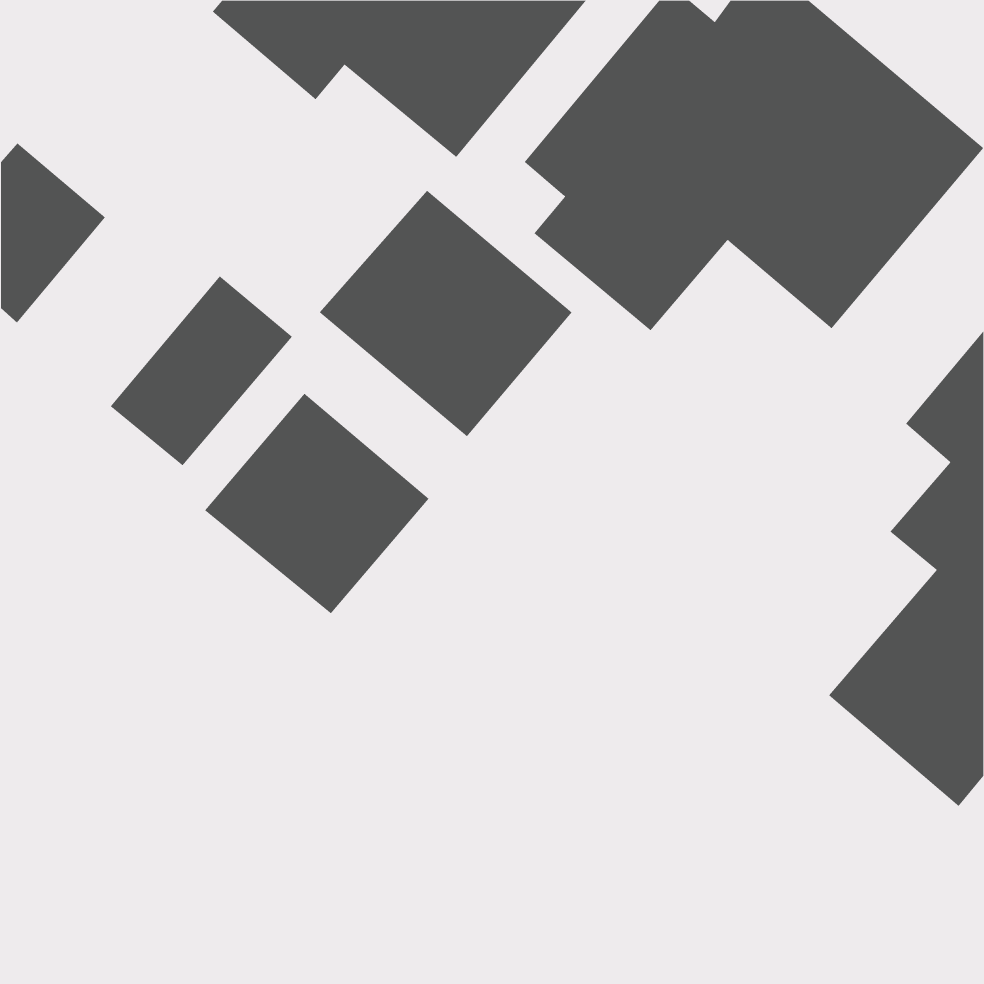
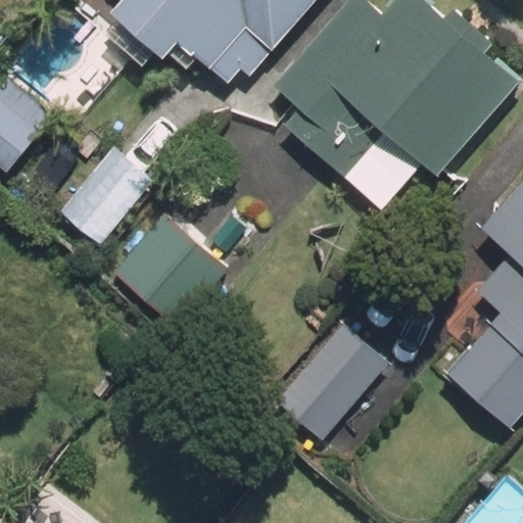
building: [319,190,572,437] -> none
building: none -> [277,320,393,442]

